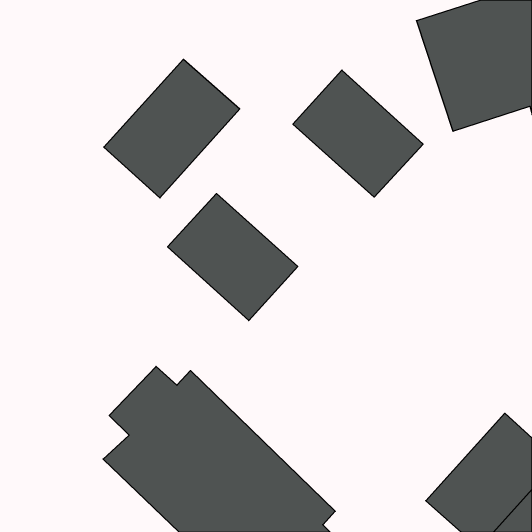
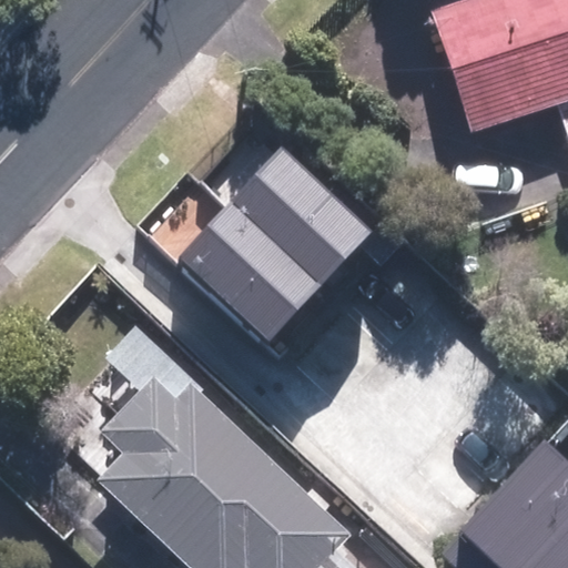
building: [104,59,240,198] -> none
building: [293,70,423,197] -> [231,149,369,284]

